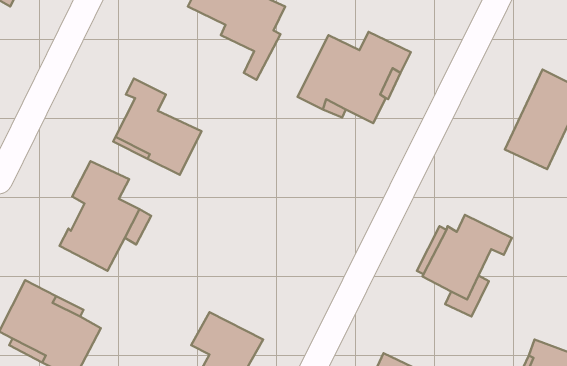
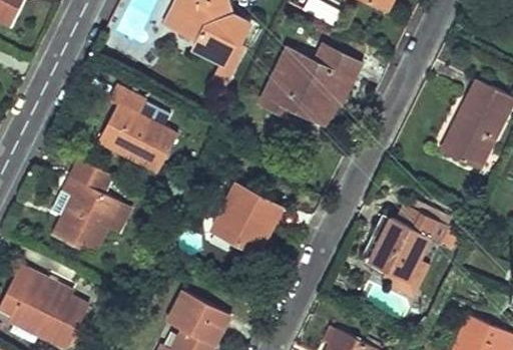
building: none -> [213,184,283,250]

